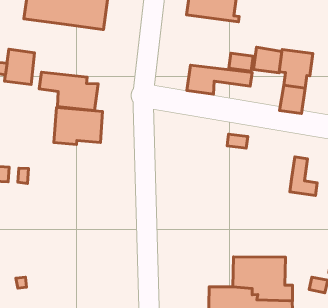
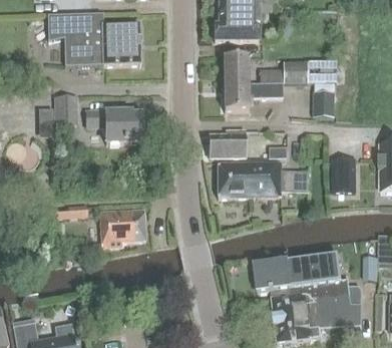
building: none -> [225,57,249,84]
building: [54,107,102,145] -> [100,210,145,245]
building: none -> [212,130,244,157]
building: none -> [218,163,310,197]
building: none -> [254,250,292,292]

